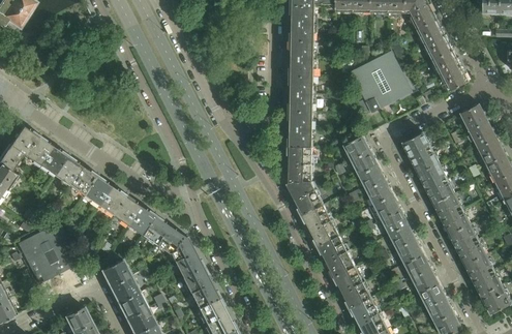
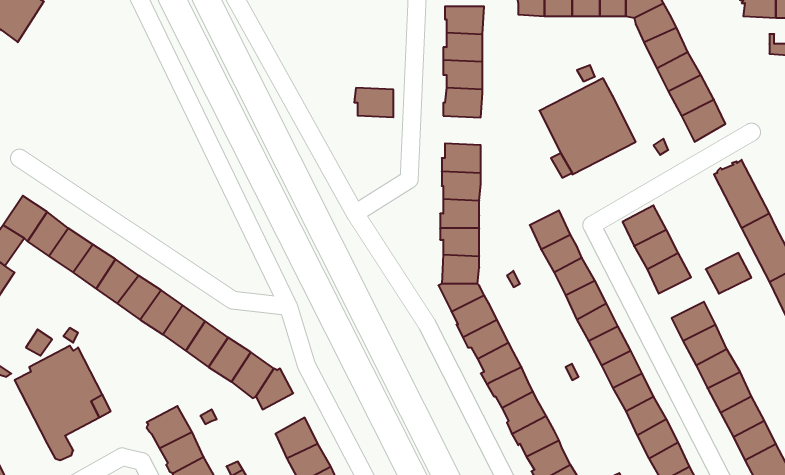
building: [289,75,313,94] -> [354,88,393,117]
building: [426,178,455,204] -> [706,253,751,294]
building: [175,251,202,277] -> none

